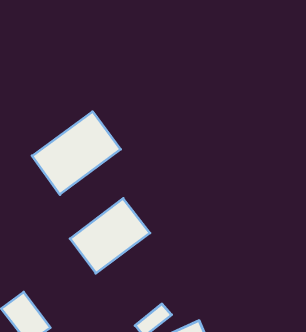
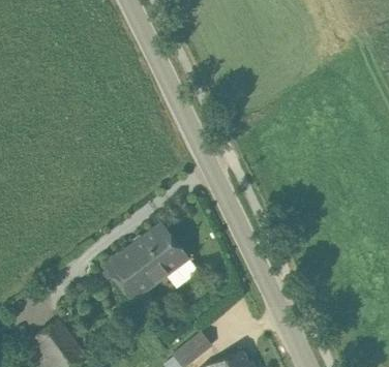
building: [32,112,121,195] -> none

